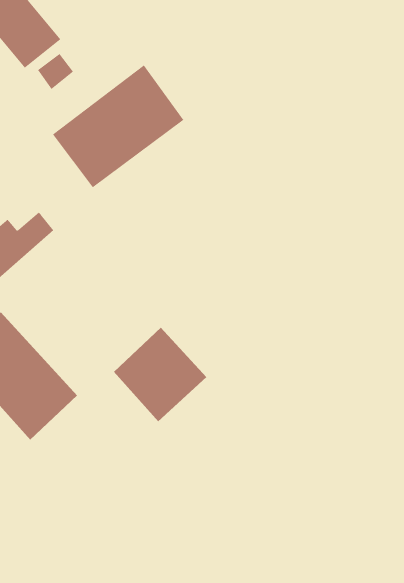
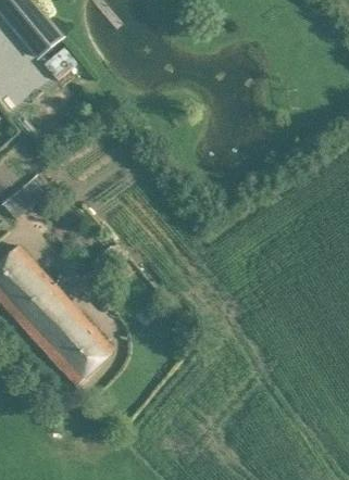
building: [52,64,184,188] -> none
building: [113,327,207,422] -> [40,311,113,384]

